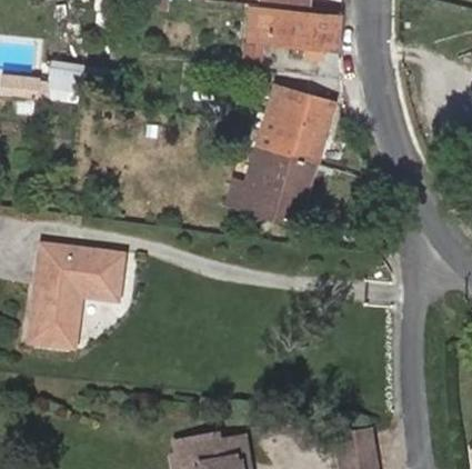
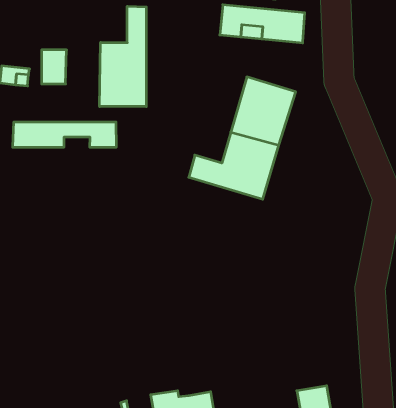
building: none -> [100,6,146,107]
building: none -> [13,122,116,147]
building: [27,246,121,350] -> none

